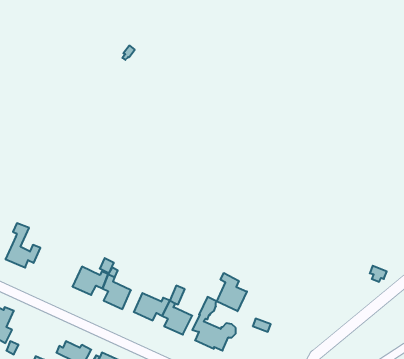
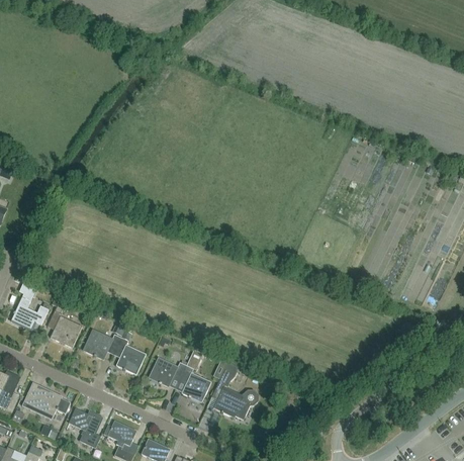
building: none -> [48,305,82,348]
building: [217,273,247,311] -> none
building: none -> [23,383,71,417]

